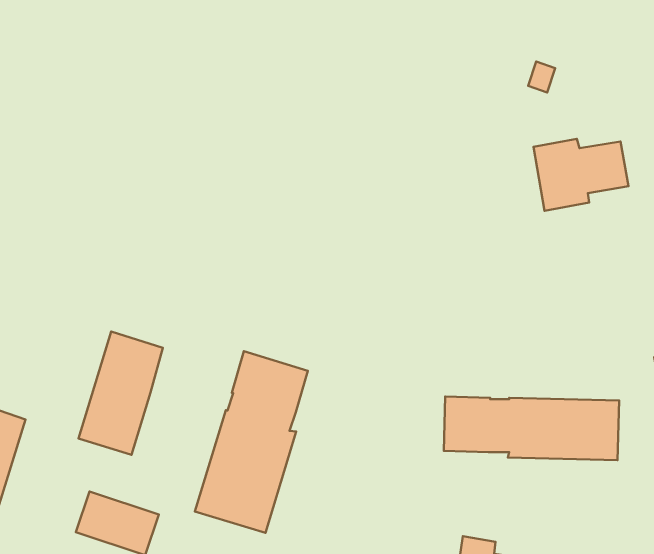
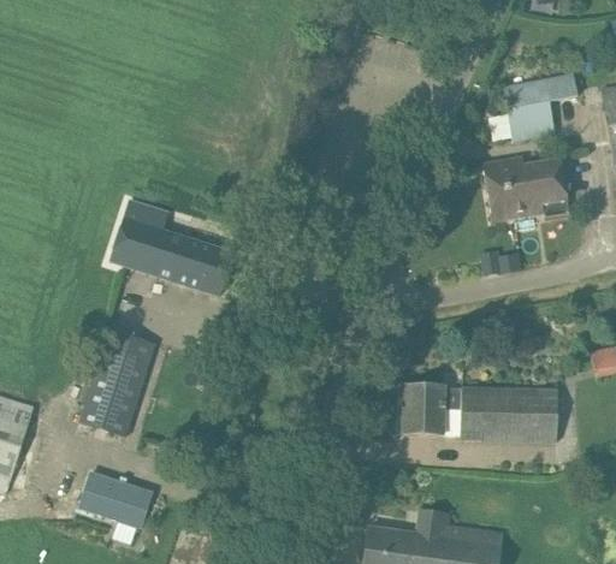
building: none -> [503,73,579,139]
building: none -> [111,200,233,295]
building: [195,351,308,533] -> none

